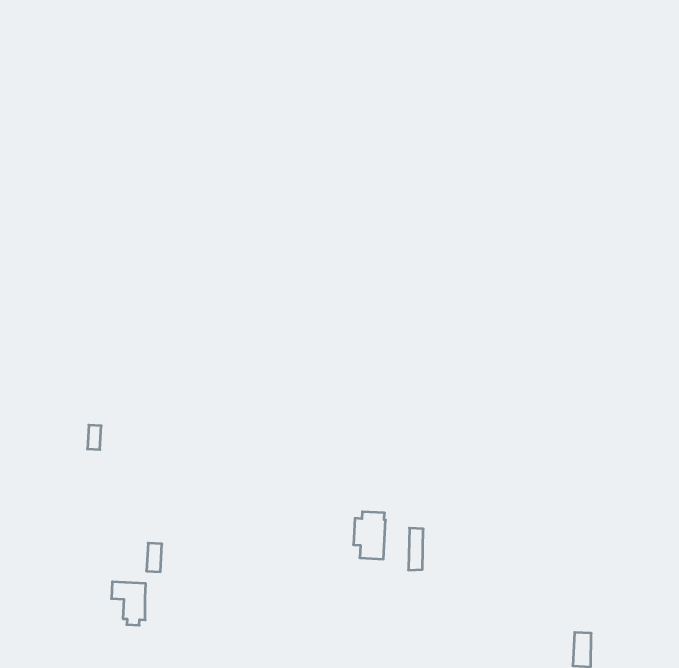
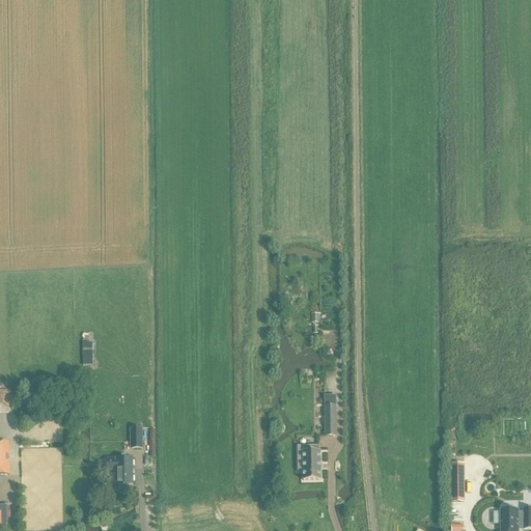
building: [353,512,386,559] -> [298,443,320,477]

